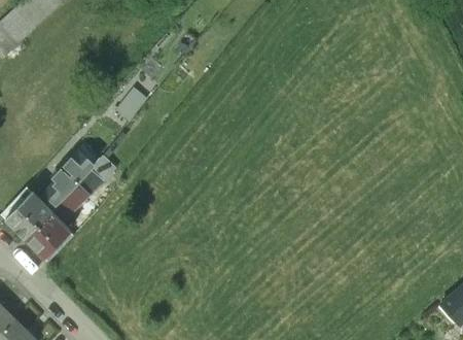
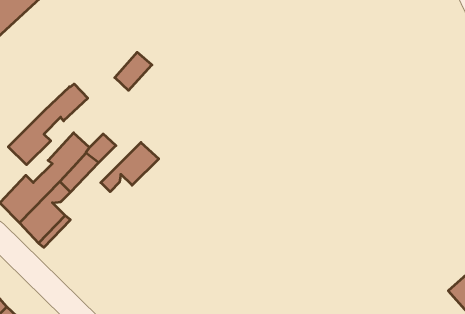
building: none -> [8,84,88,165]
building: none -> [101,142,159,192]

